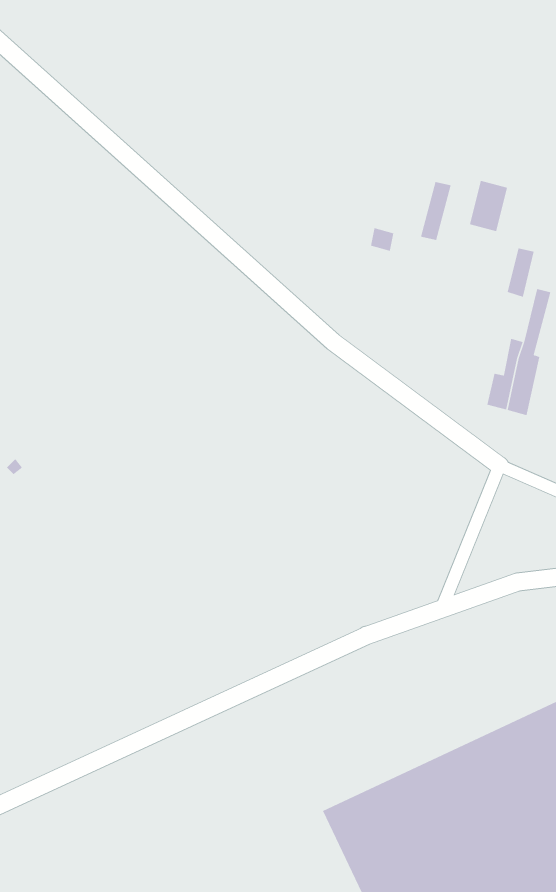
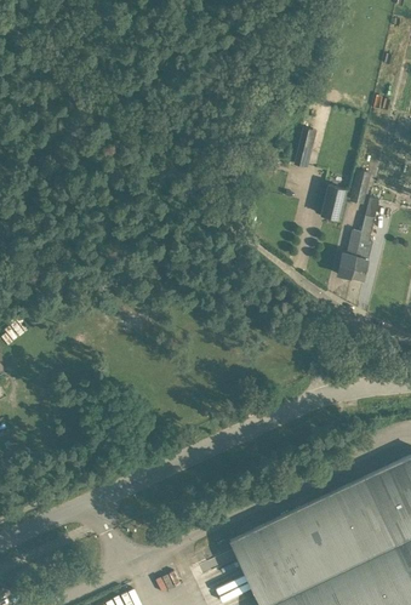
building: [469,180,508,232] -> [320,186,346,219]

